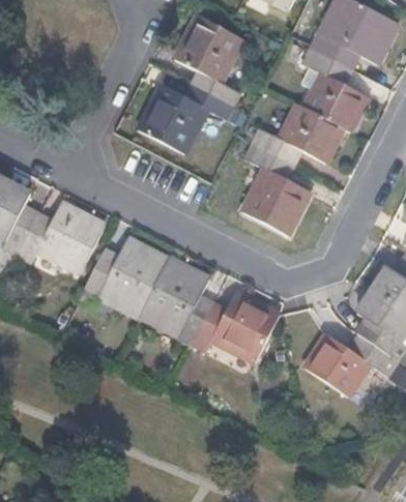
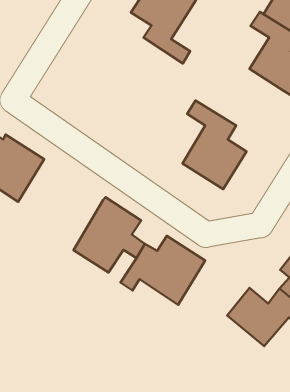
building: [142,87,235,153] -> none
building: [252,106,343,169] -> none
building: [83,238,166,316] -> none

